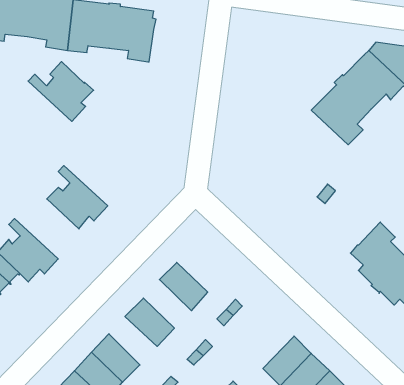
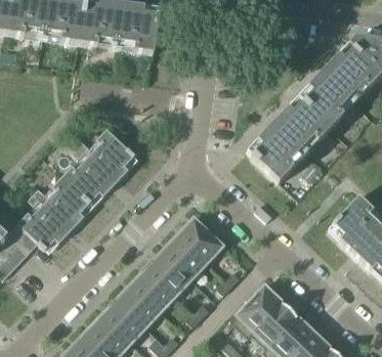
building: [28,62,94,121] -> [78,130,136,183]
building: none -> [249,98,331,183]
building: none -> [34,177,91,230]
building: none -> [178,216,222,260]
building: none -> [148,249,192,292]
building: none -> [118,281,161,324]
building: none -> [238,282,283,327]

